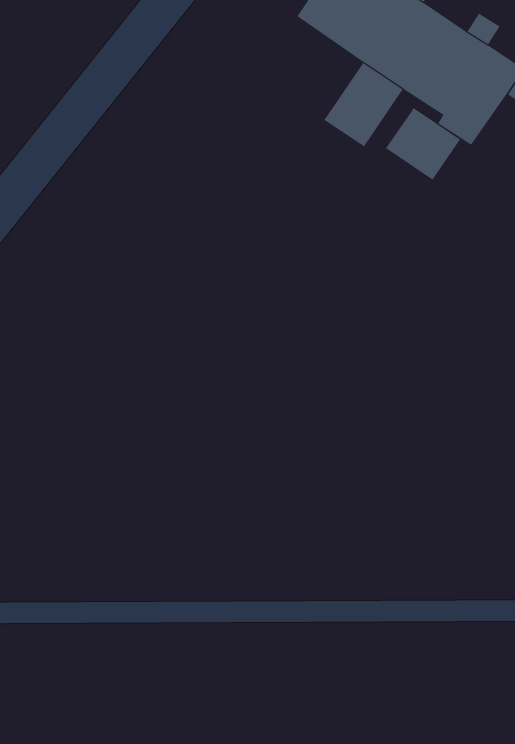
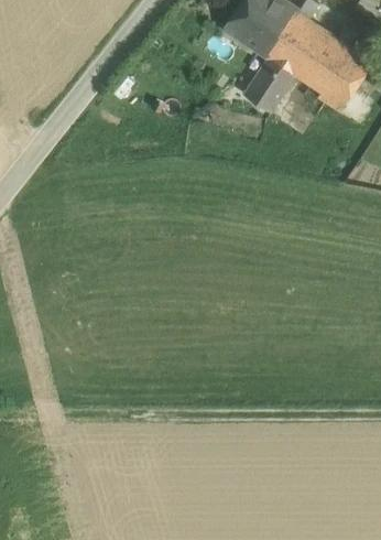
building: [385,107,461,181] -> none

